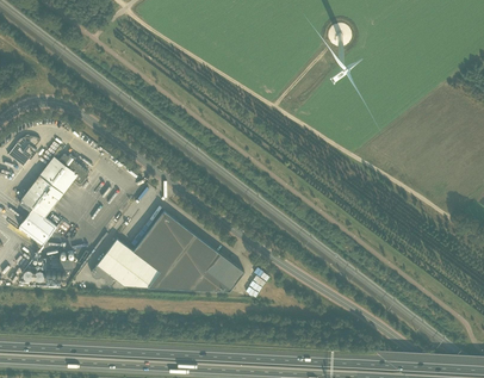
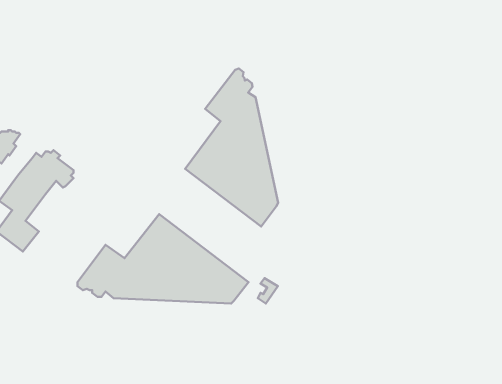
building: none -> [185,69,278,226]

